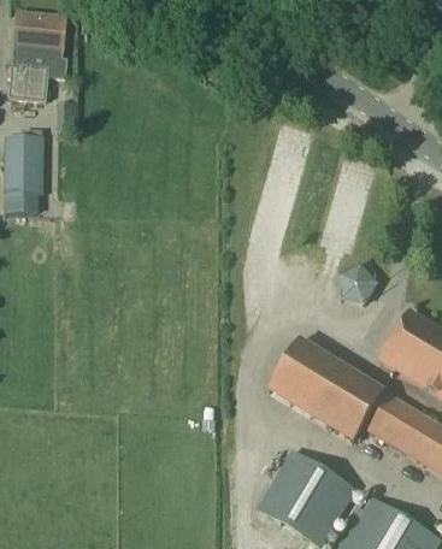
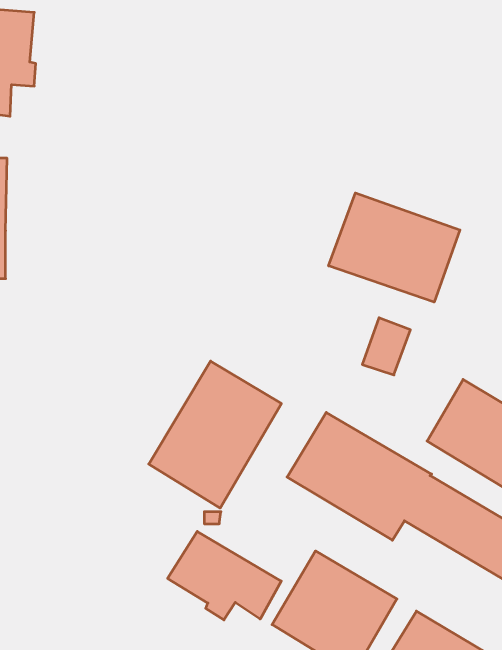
building: none -> [329,193,460,302]
building: none -> [149,361,281,508]
building: none -> [168,531,281,620]

